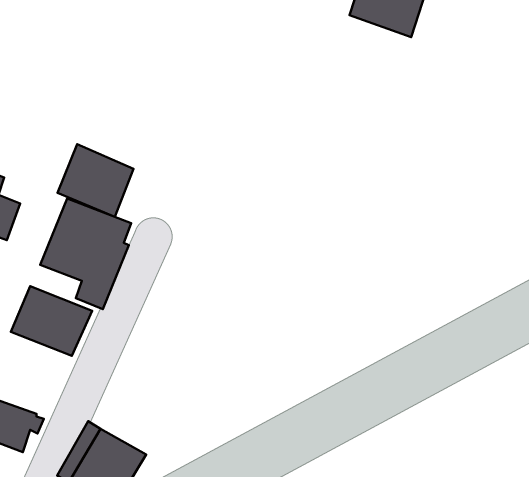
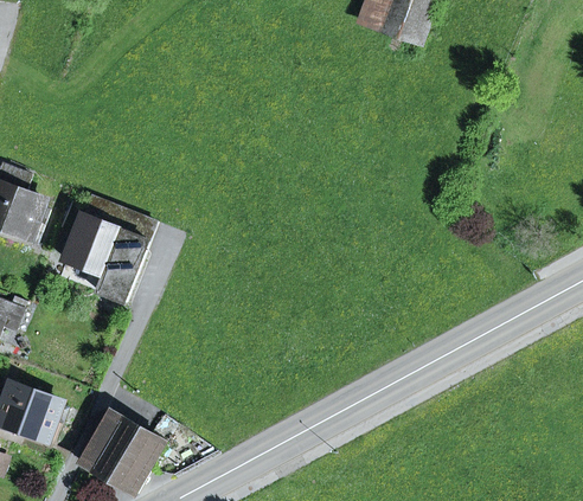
building: [58,144,133,217] -> none
building: [11,286,92,356] -> none

